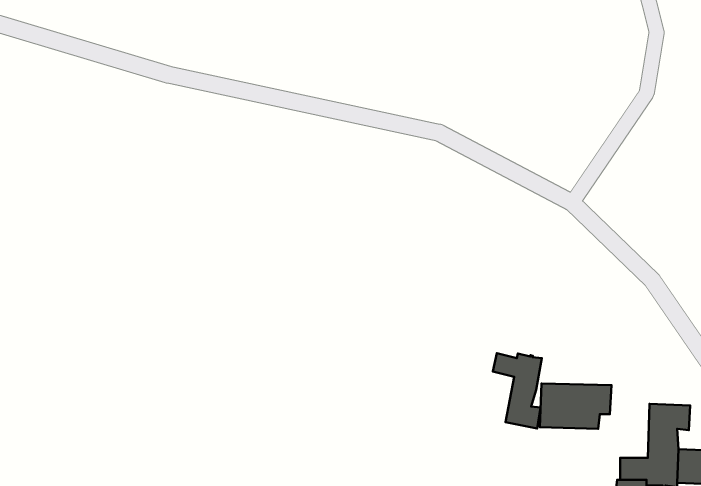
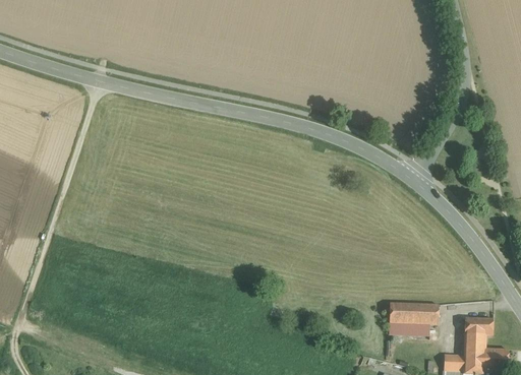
building: [493,353,542,429] -> none

